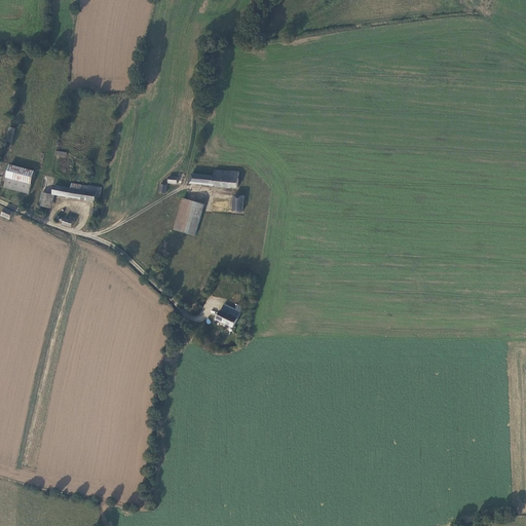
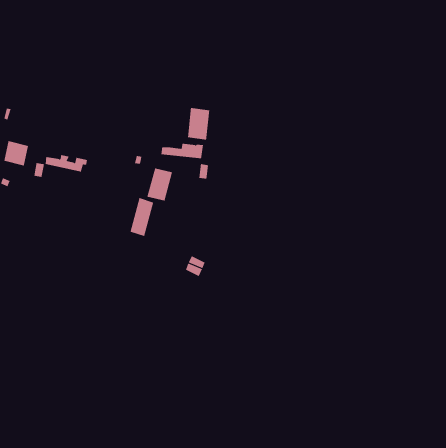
building: none -> [187,107,210,141]
building: none -> [130,197,154,237]

